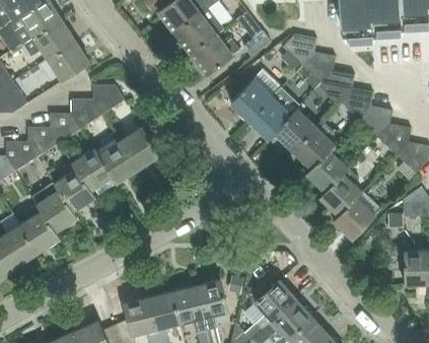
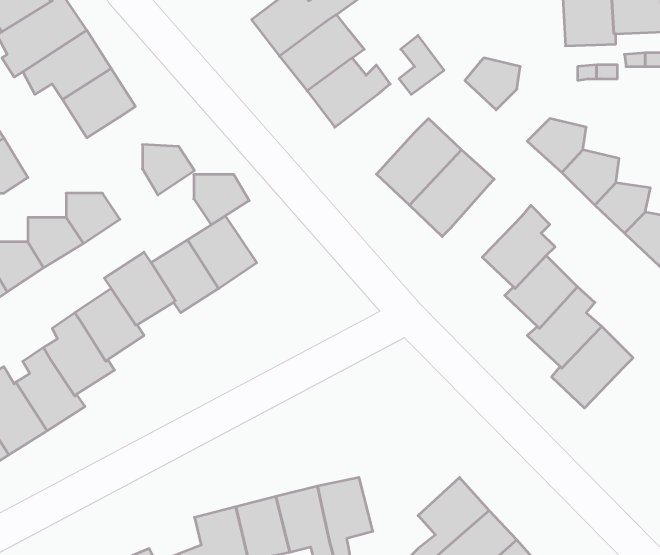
building: [300,53,334,83] -> none
building: [70,99,102,129] -> [194,175,249,225]
building: [274,109,315,151] -> none

